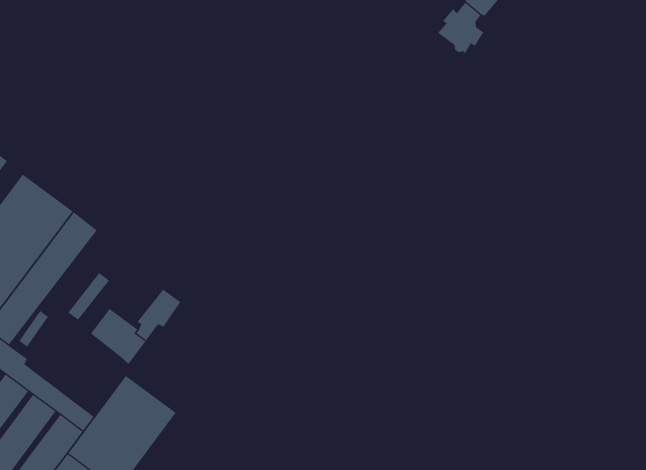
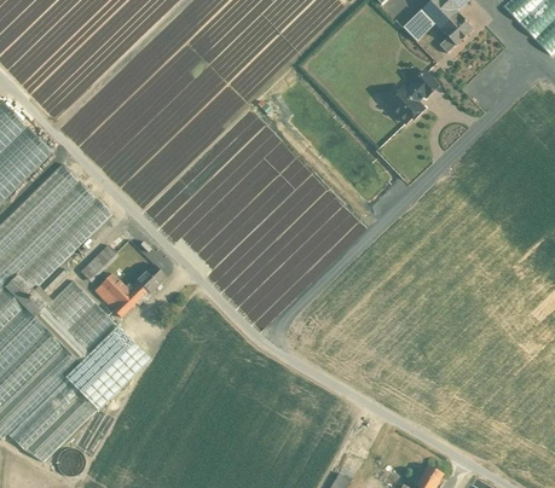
building: none -> [44,280,116,353]

